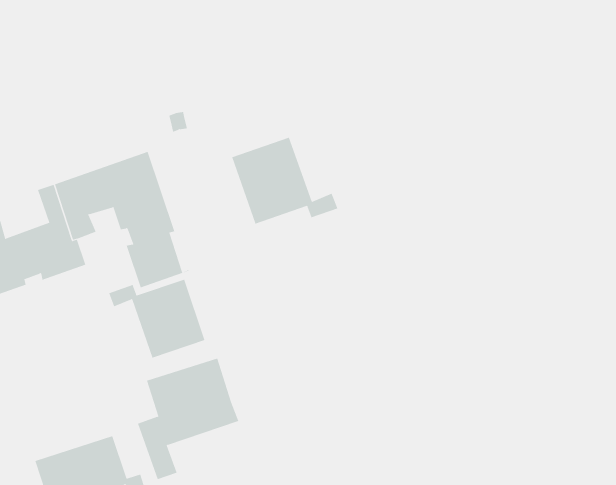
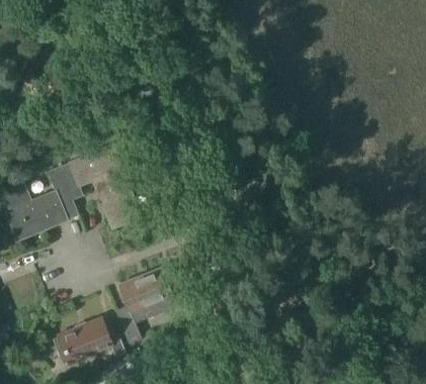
building: [231,137,338,224] -> none
building: [108,279,205,358] -> none

